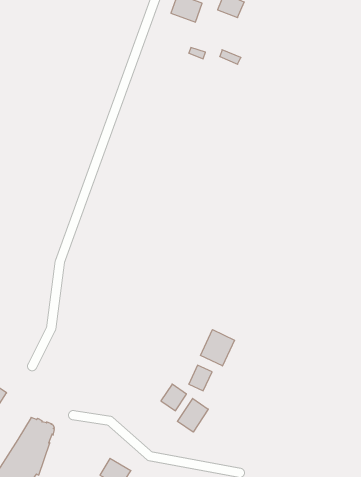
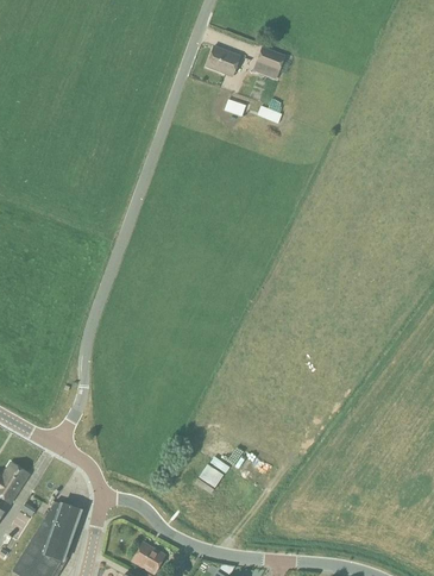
building: [200,330,235,366] -> none
building: [177,398,208,432] -> none

